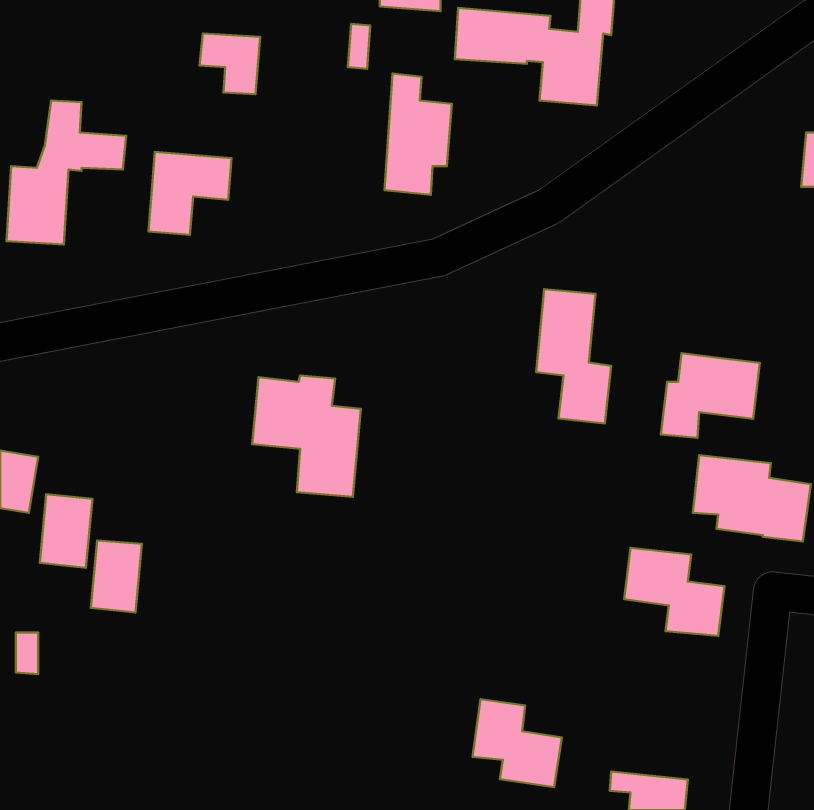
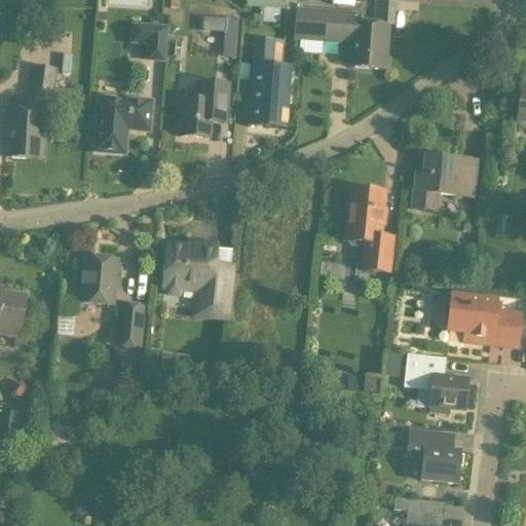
building: none -> [180,80,228,137]
building: [661,353,760,438] -> [412,154,476,209]
building: [40,494,92,568] -> [82,256,116,303]
building: [91,541,142,613] -> [114,301,147,347]
building: [473,699,562,787] -> [404,426,461,483]

